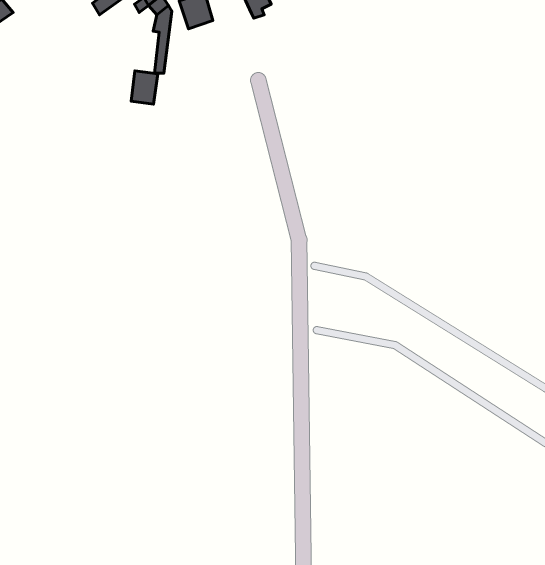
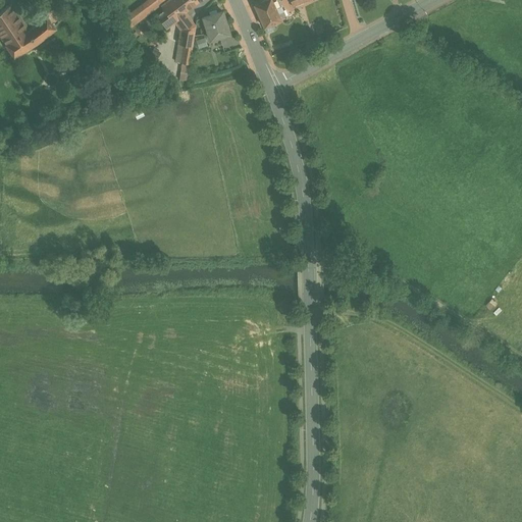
building: [131,71,158,104] -> none

